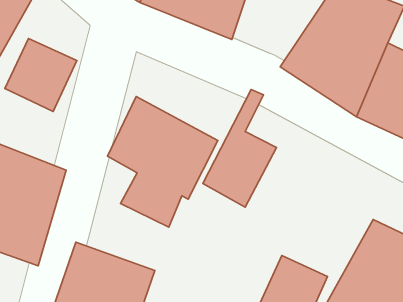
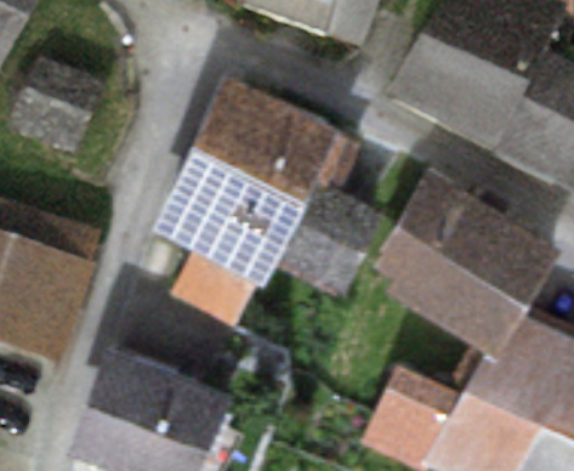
building: none -> [194,72,347,203]
building: none -> [374,165,557,347]

